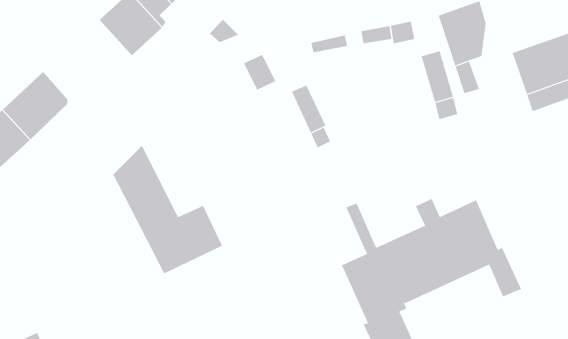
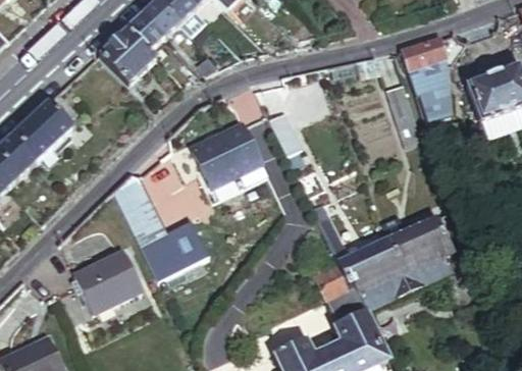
building: none -> [198,123,267,185]
building: none -> [74,249,140,310]

